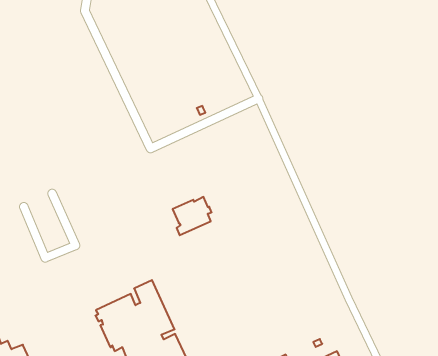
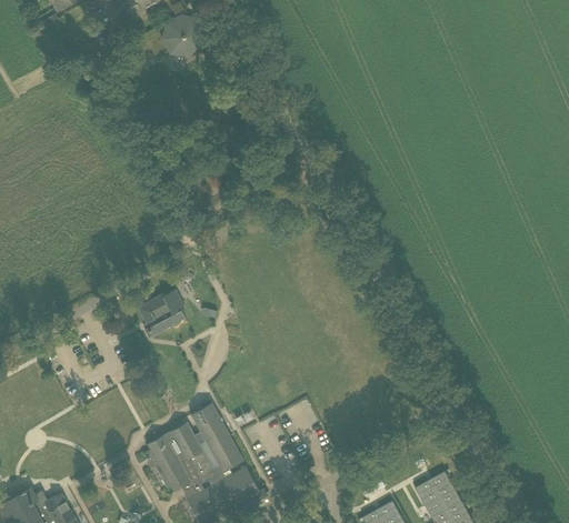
building: [173,197,212,235] -> [138,289,186,338]

